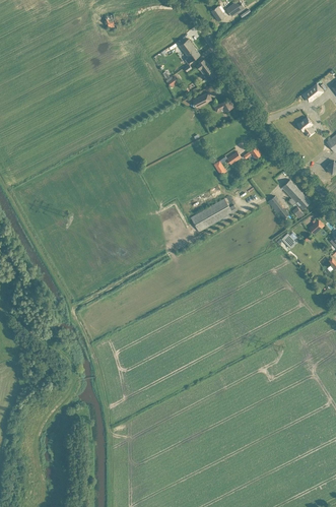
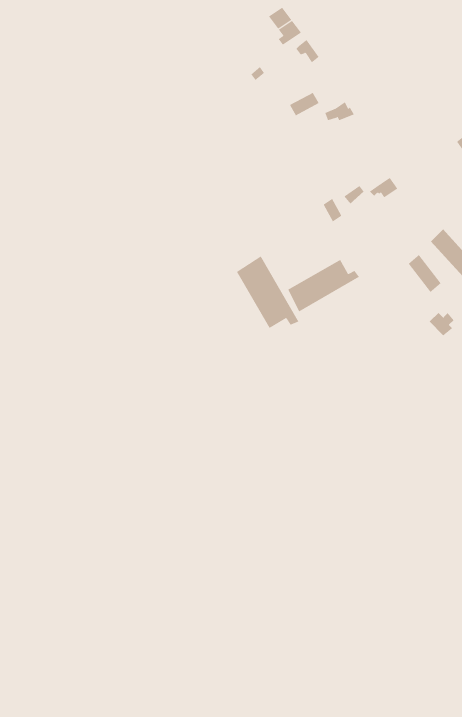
building: none -> [236,255,299,329]

